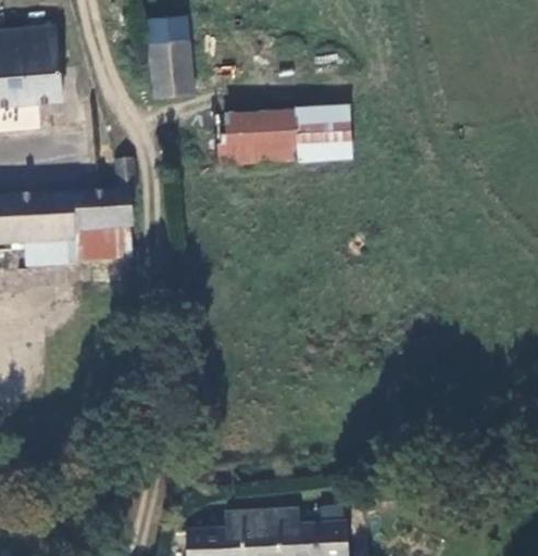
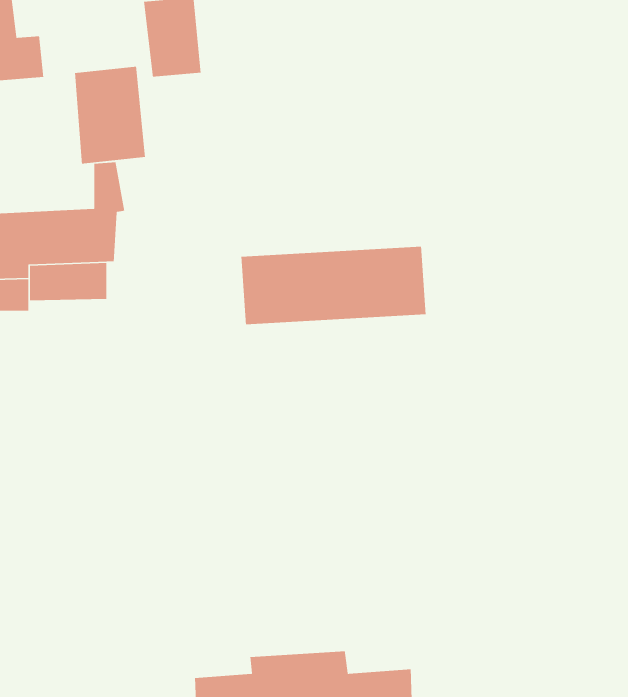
building: none -> [74,66,146,164]
building: [213,106,348,164] -> [241,246,426,325]

